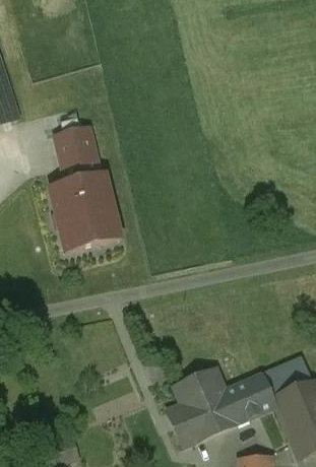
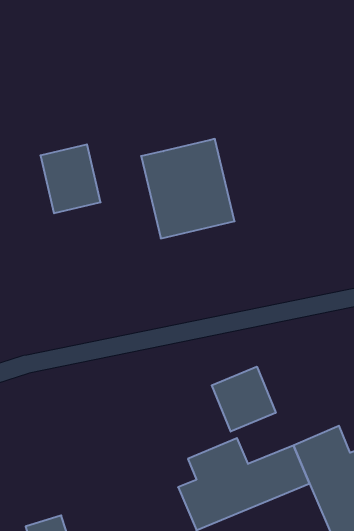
building: [46,173,123,255] -> [141,139,235,238]
building: none -> [212,367,276,432]

